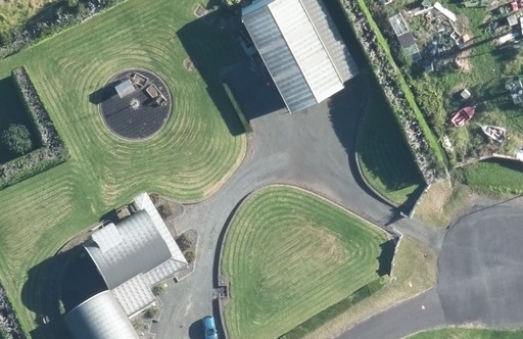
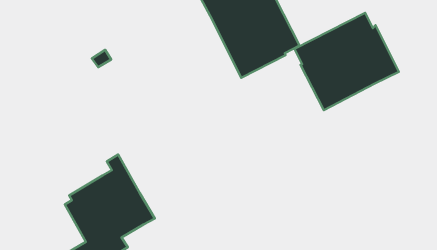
building: none -> [295,13,399,110]

